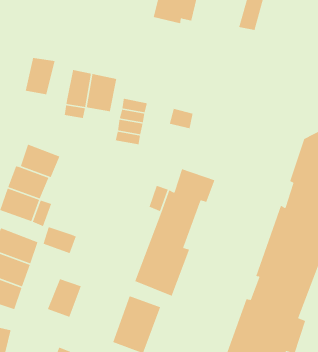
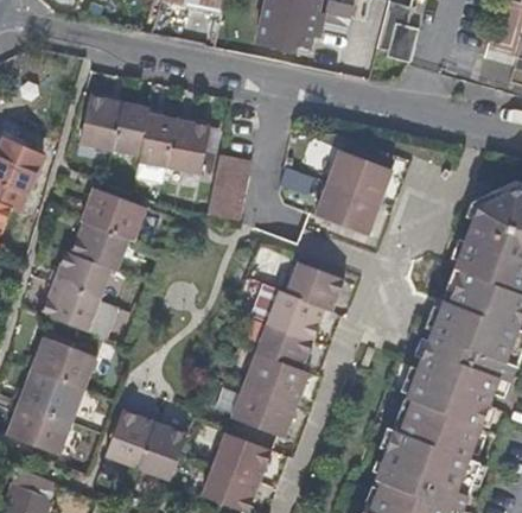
building: none -> [109,103,146,157]
building: none -> [316,140,393,226]
building: none -> [81,188,144,239]
building: [42,226,77,254] -> none
building: none -> [141,419,187,476]

